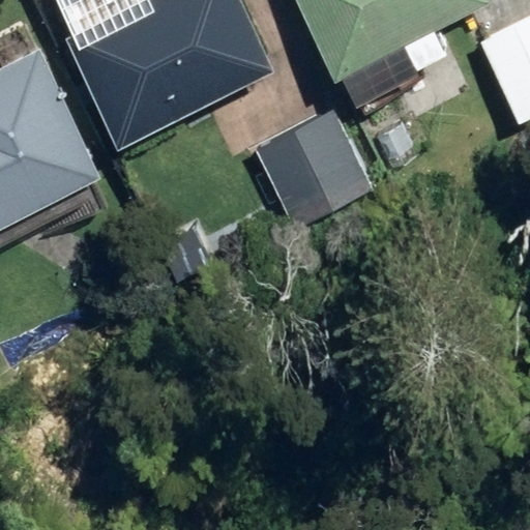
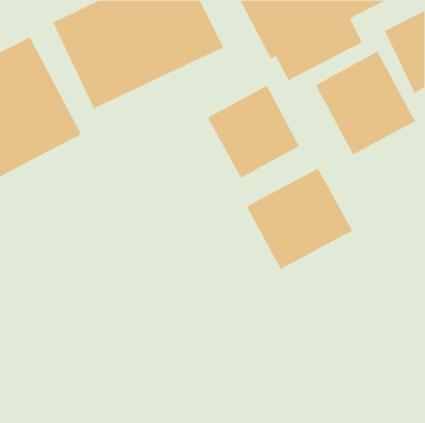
building: none -> [315,51,416,155]
building: none -> [246,168,353,270]

